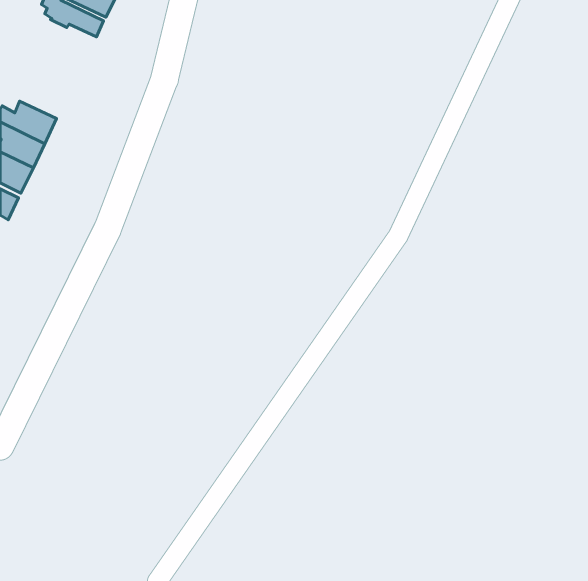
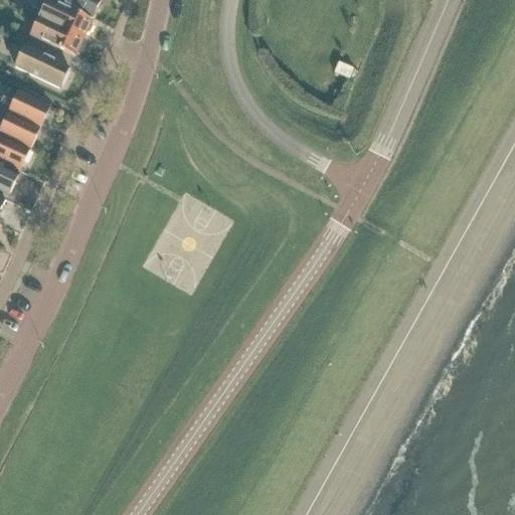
building: none -> [29,12,84,53]
building: none -> [15,43,68,85]

